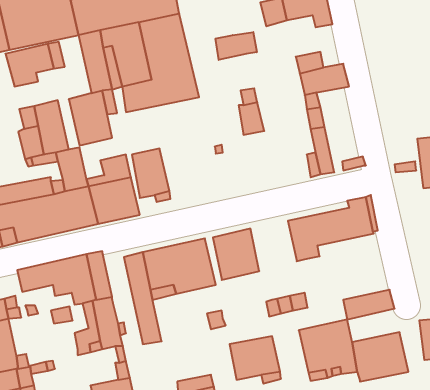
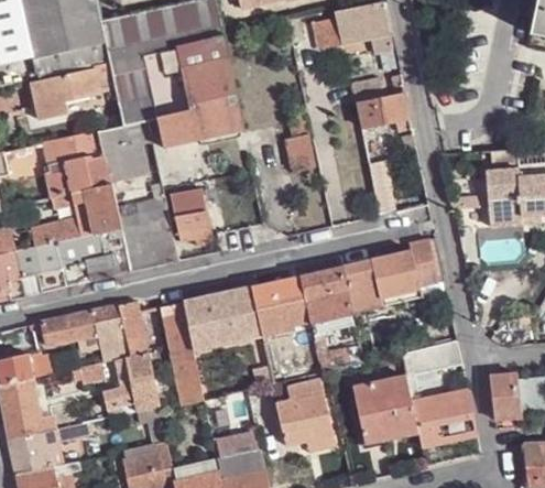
building: [216,32,257,60] -> none
building: none -> [301,265,353,332]

